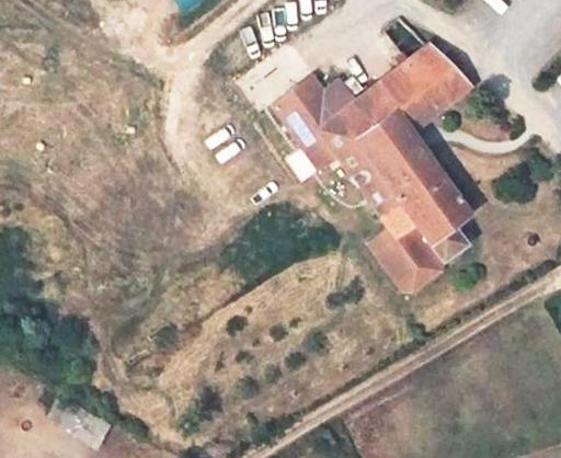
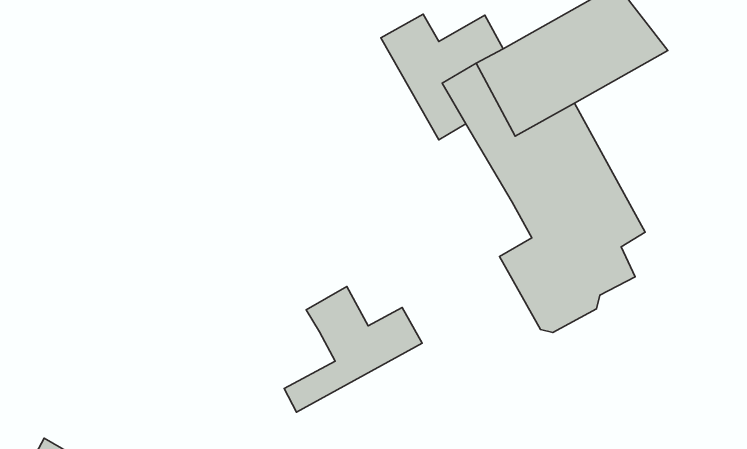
building: none -> [284,286,422,412]

